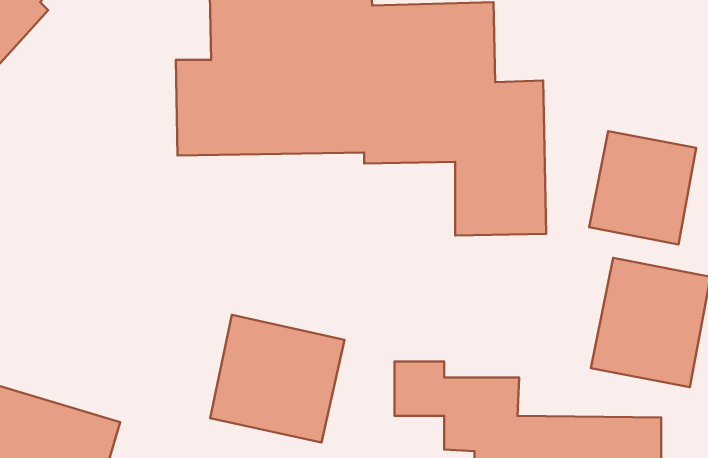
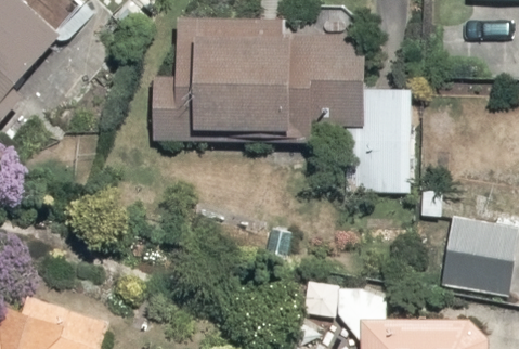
building: [589,131,696,245] -> none
building: [210,315,345,442] -> none

